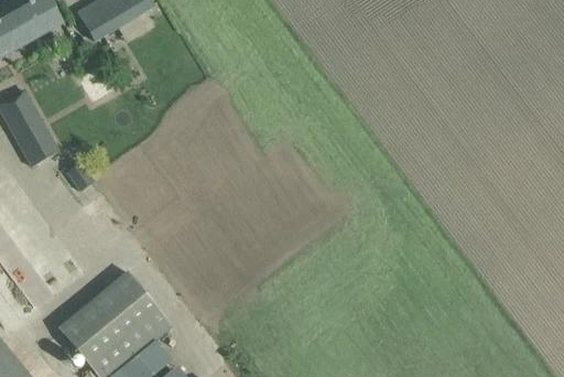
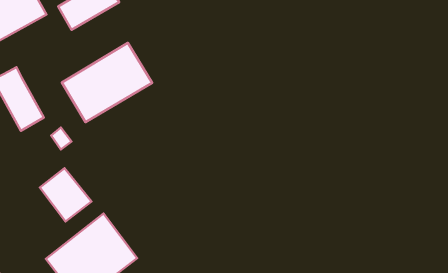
building: none -> [62,43,152,122]
building: none -> [40,168,92,222]

